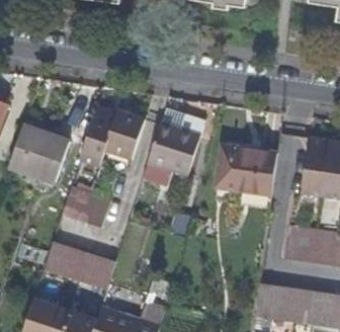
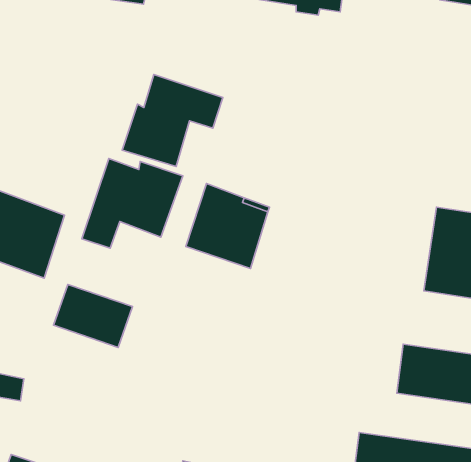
building: none -> [122,75,223,166]
building: [214,144,275,201] -> none
building: [44,239,80,275] -> none
building: [78,251,115,287] -> none

